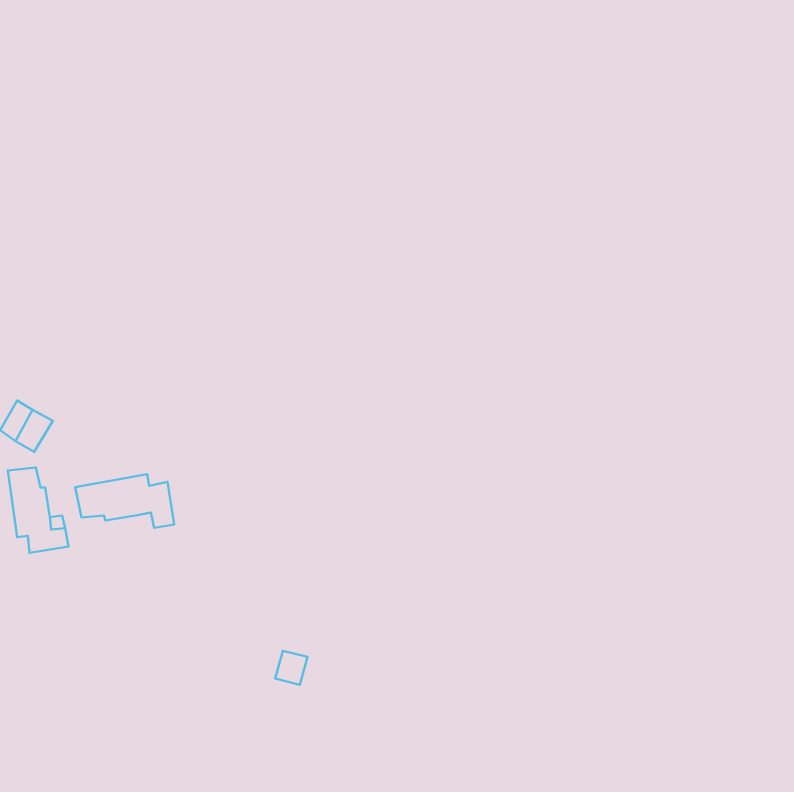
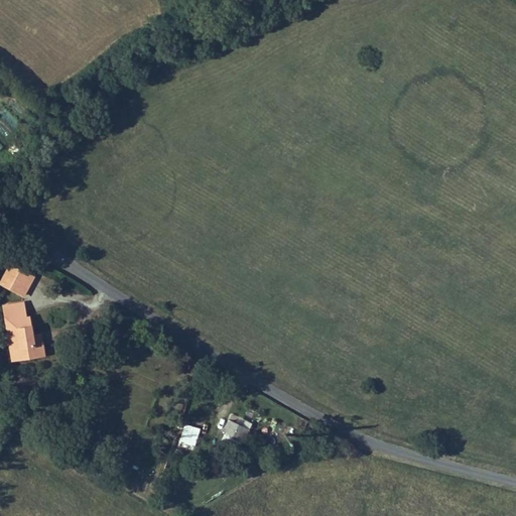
building: [75,474,174,528] -> none
building: none -> [222,422,248,448]

